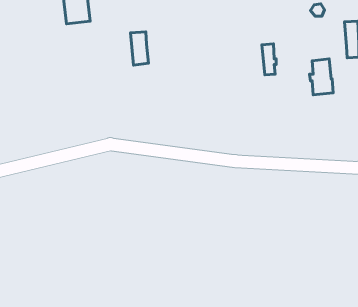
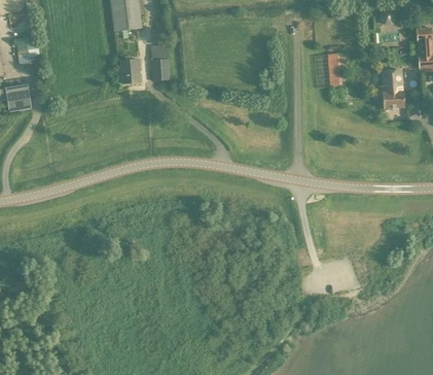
building: [131,32,149,65] -> [150,44,170,80]
building: none -> [120,59,140,83]

